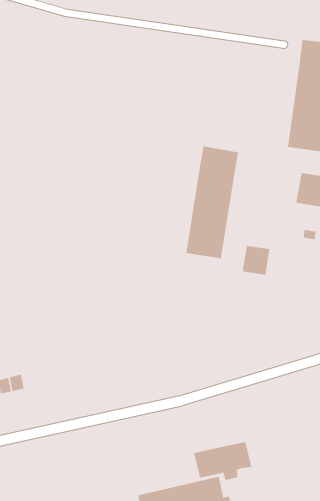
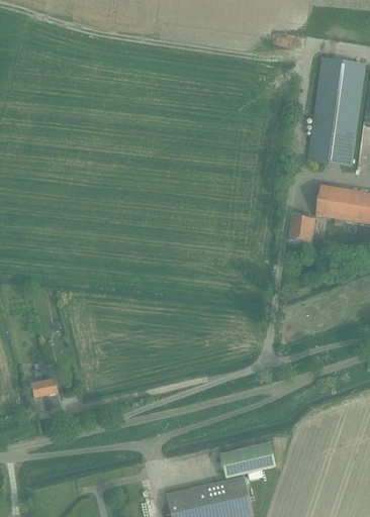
building: [186,145,238,259] -> none
building: [242,246,270,275] -> [288,215,315,243]

